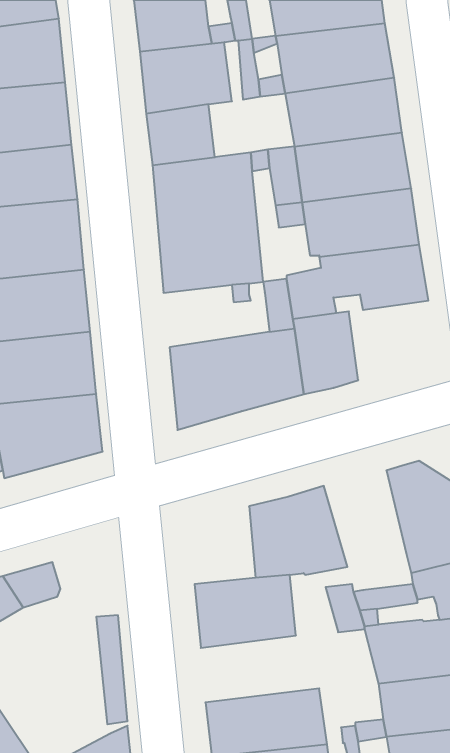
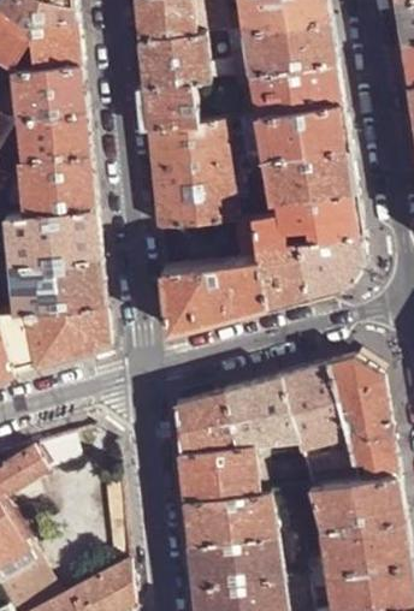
building: none -> [298,233,363,295]
building: none -> [279,364,343,441]
building: none -> [175,392,226,452]
building: none -> [184,491,276,544]

